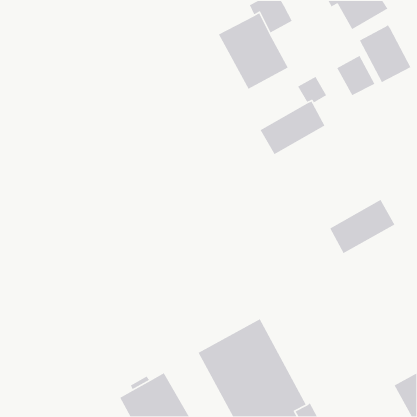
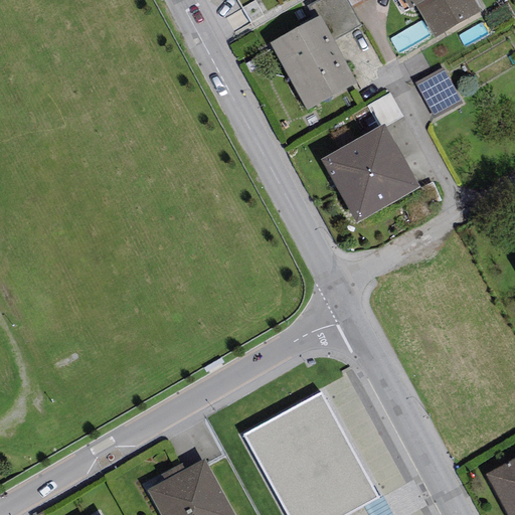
building: [359,24,412,83] -> none
building: [329,199,395,254] -> [338,155,419,223]

